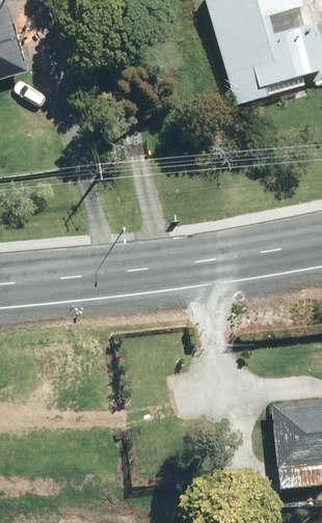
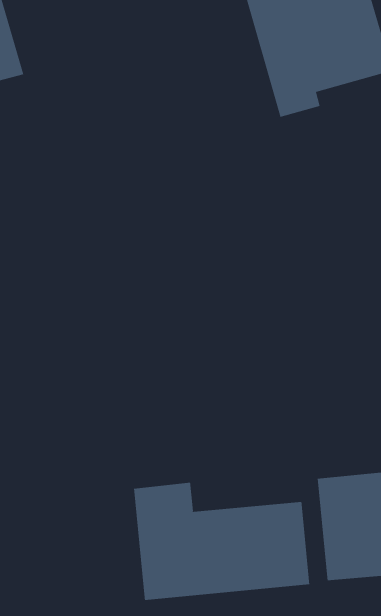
building: none -> [133,482,310,601]

